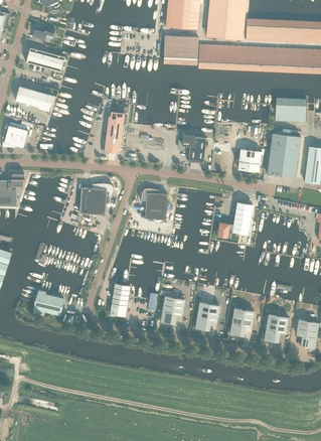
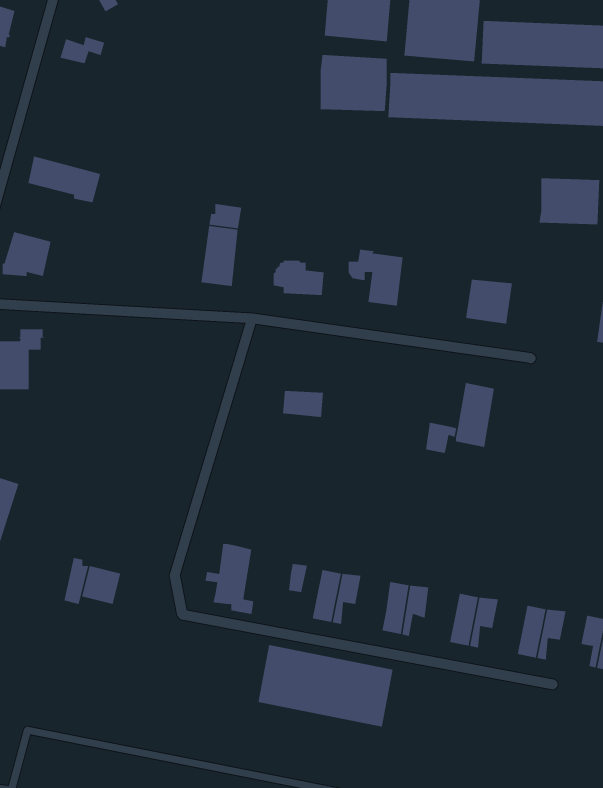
building: [26,47,64,70] -> none
building: [267,133,300,177] -> none
building: [79,183,114,214] -> none
building: [141,188,167,206] -> [273,260,325,296]
building: none -> [258,644,393,727]

